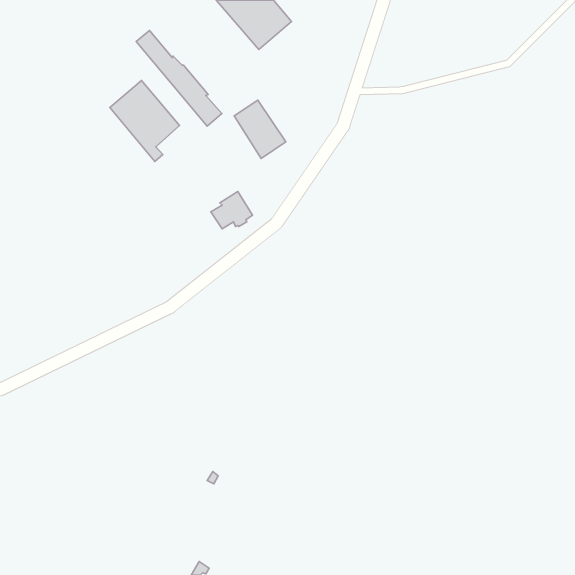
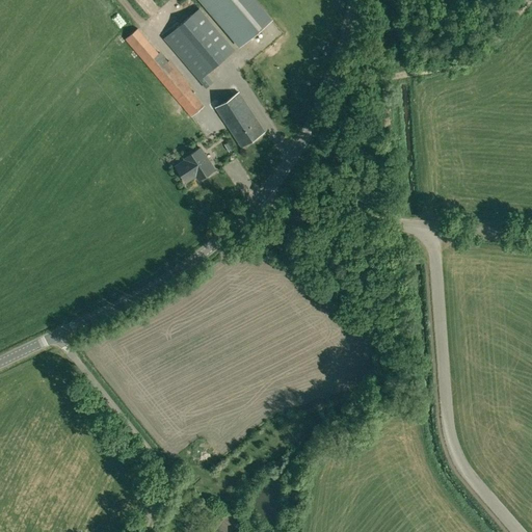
building: [110,80,180,161] -> [164,14,229,88]
building: [211,192,252,229] -> [176,148,214,182]

